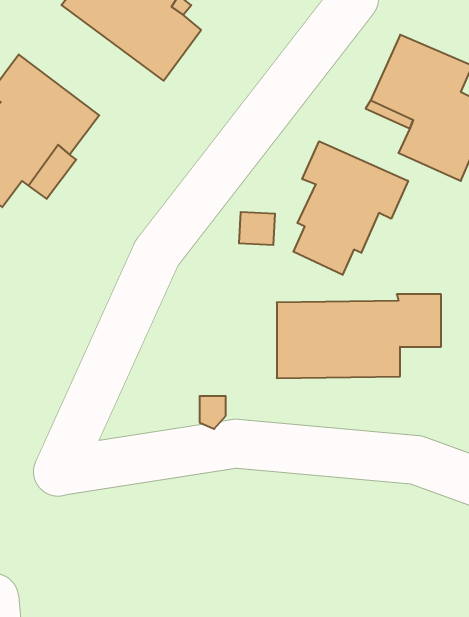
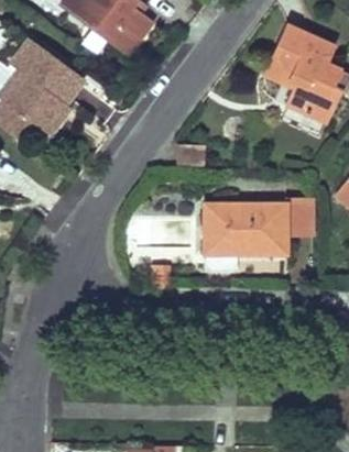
building: [293,141,408,275] -> none

